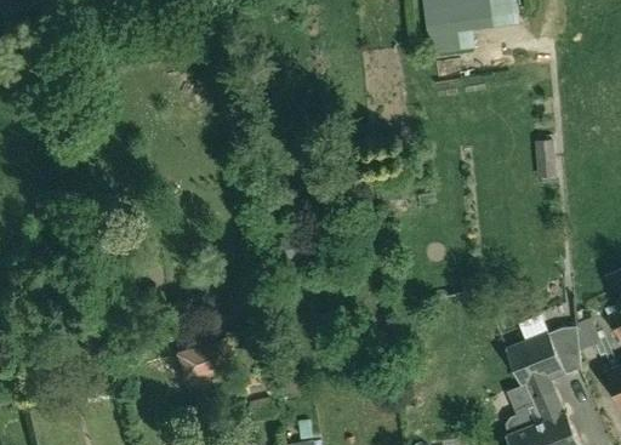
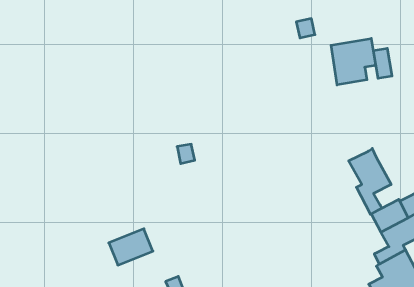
building: none -> [331,38,375,85]
building: none -> [349,148,391,214]

